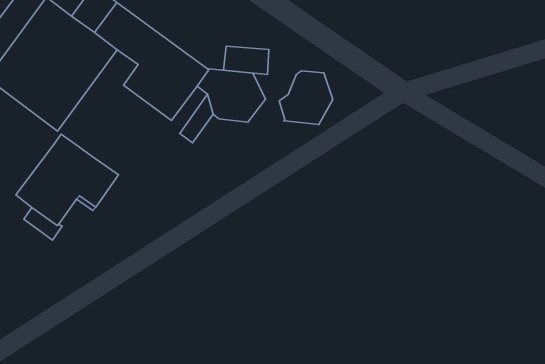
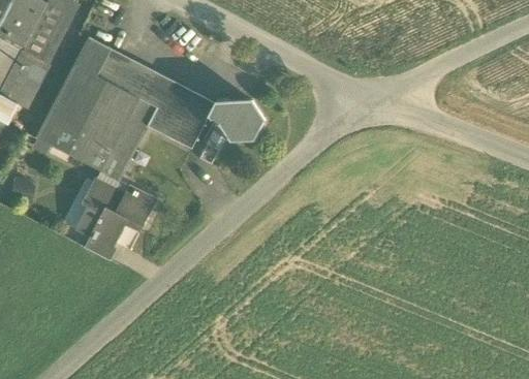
building: [223,46,269,75] -> none
building: none -> [99,97,156,180]
building: [279,71,333,124] -> none

